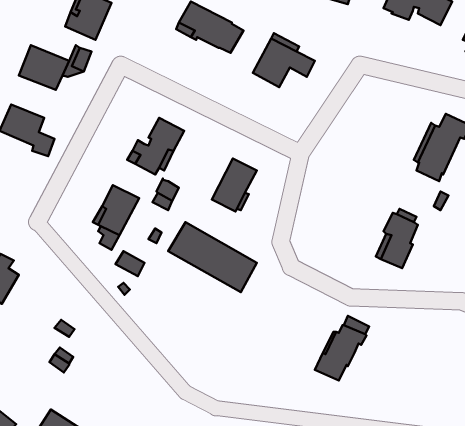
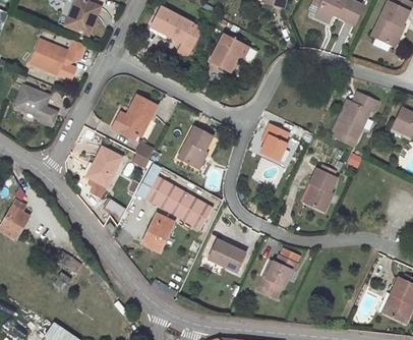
building: none -> [260,123,289,161]
building: none -> [142,213,174,250]
building: none -> [209,239,245,271]

